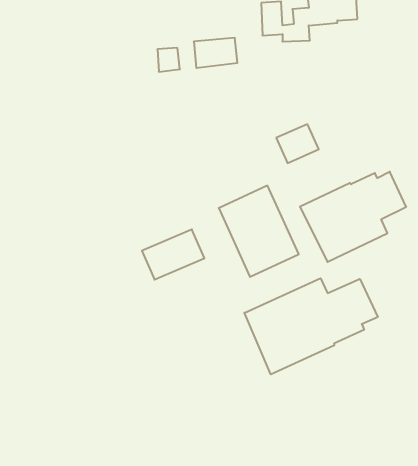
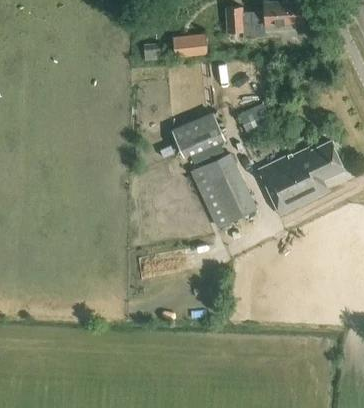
building: [142,229,204,280] -> [174,117,224,157]
building: [244,278,378,374] -> none

